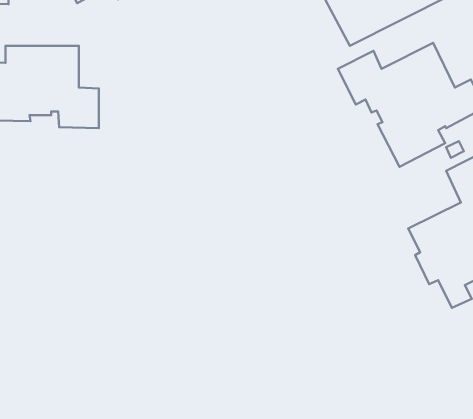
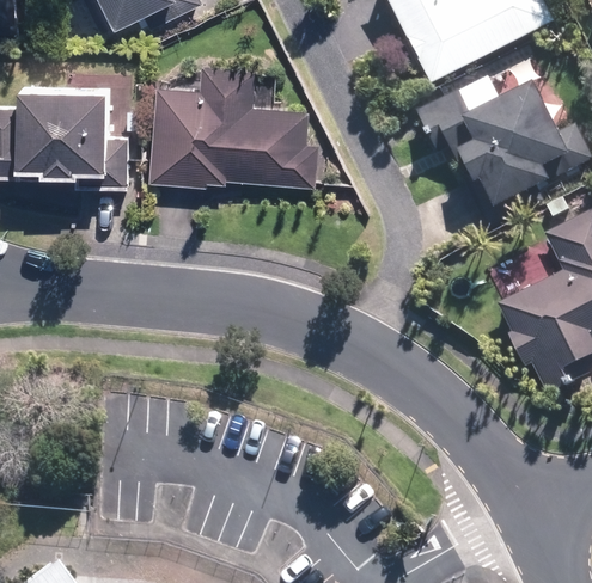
building: none -> [149,61,319,184]

